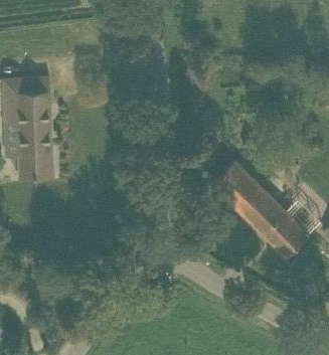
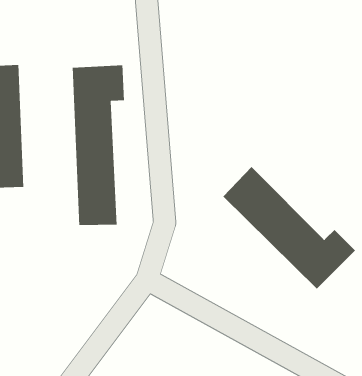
building: none -> [72,64,125,226]

